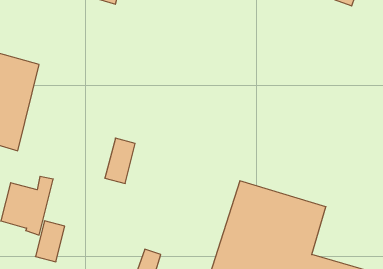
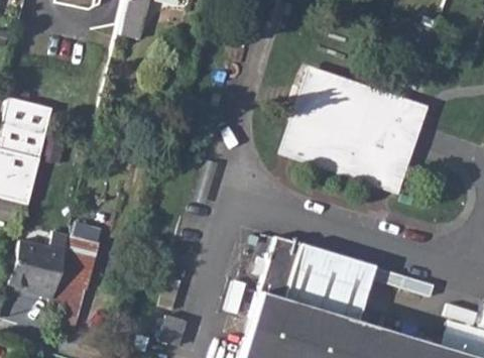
building: none -> [291,76,427,191]
building: [105,138,135,183] -> [59,240,94,291]

